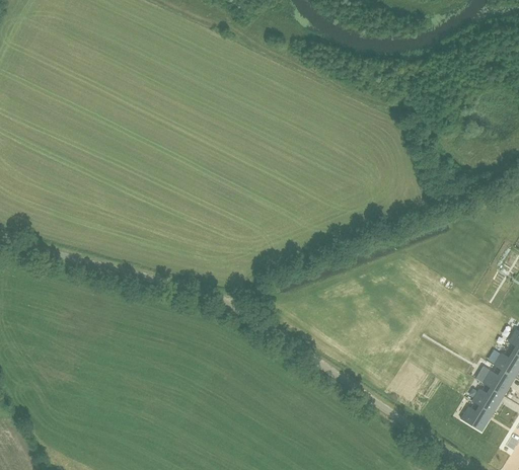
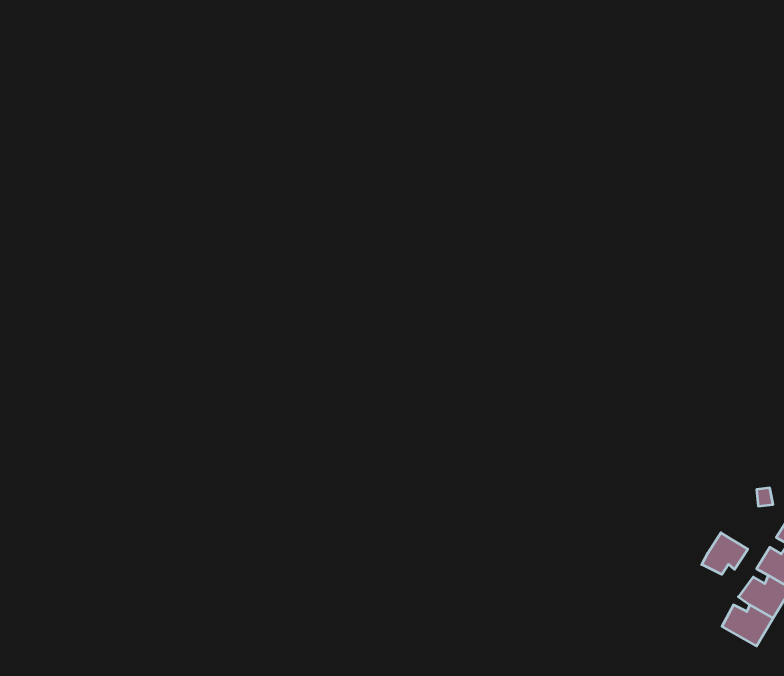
building: none -> [702,533,748,574]

